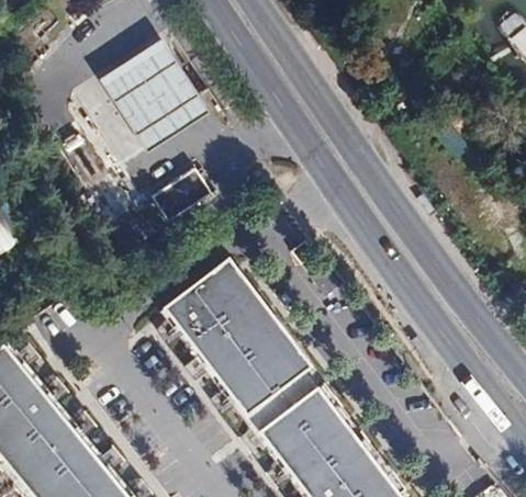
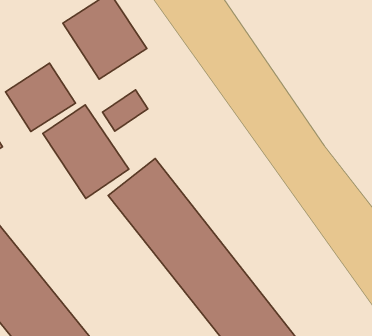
building: none -> [5,63,76,131]
building: none -> [43,105,129,199]

